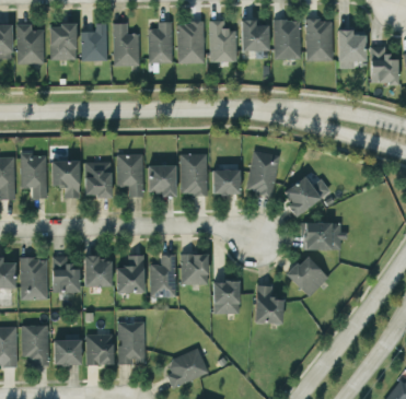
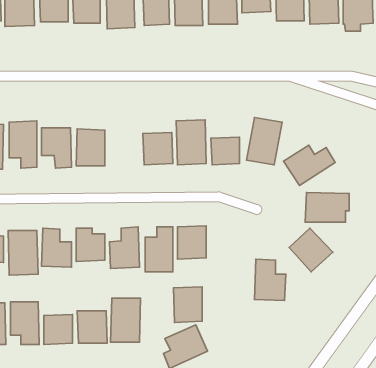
building: [116,154,143,198] -> none
building: [212,281,240,315] -> [173,287,202,322]

